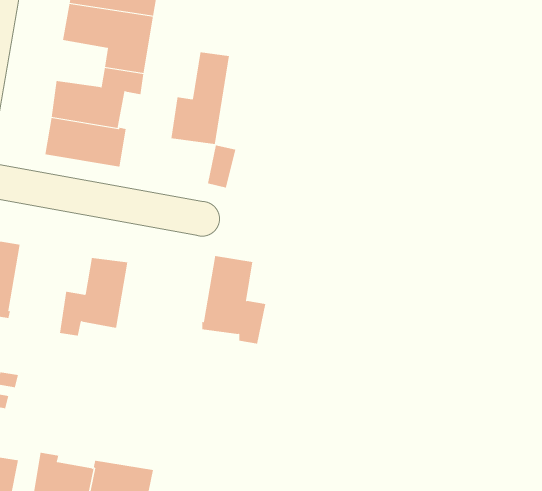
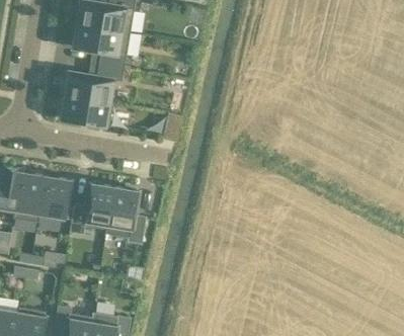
building: [171,52,229,145] -> none
building: none -> [38,176,70,222]
building: [202,256,266,344] -> [105,187,146,243]

